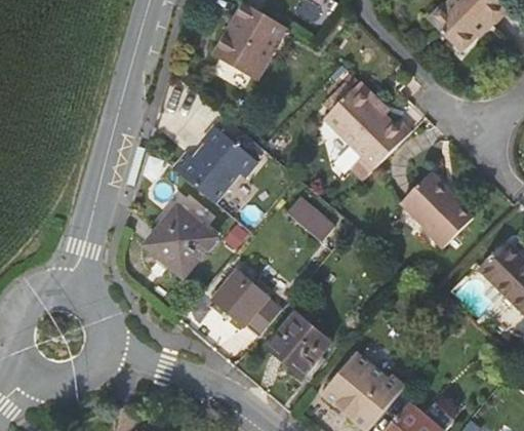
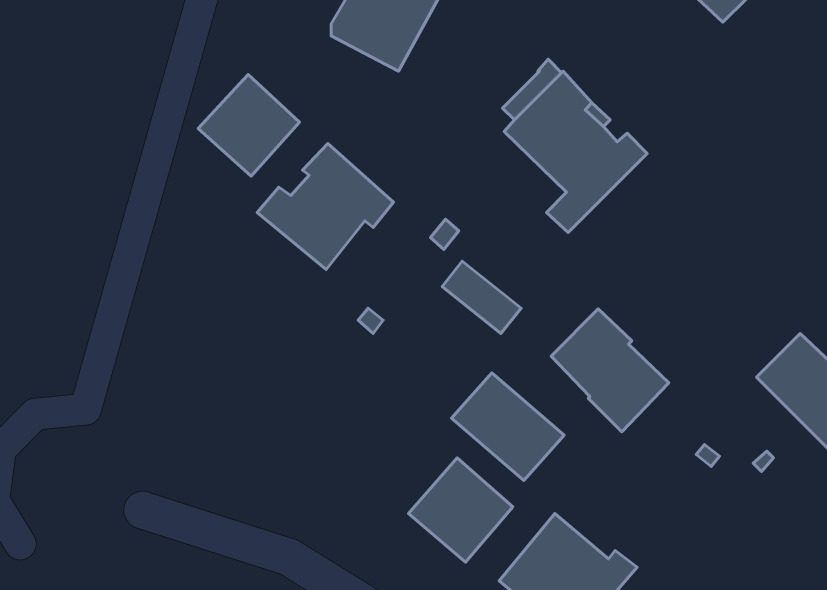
building: none -> [198,74,299,176]
building: [402,171,474,246] -> [551,309,669,432]
building: [147,205,215,275] -> none
building: [212,272,281,338] -> [451,373,564,481]

